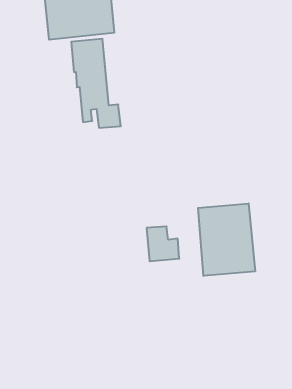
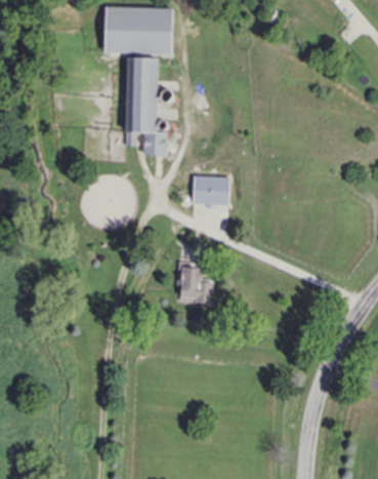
building: none -> [193,176,229,205]
building: [198,203,255,276] -> none

